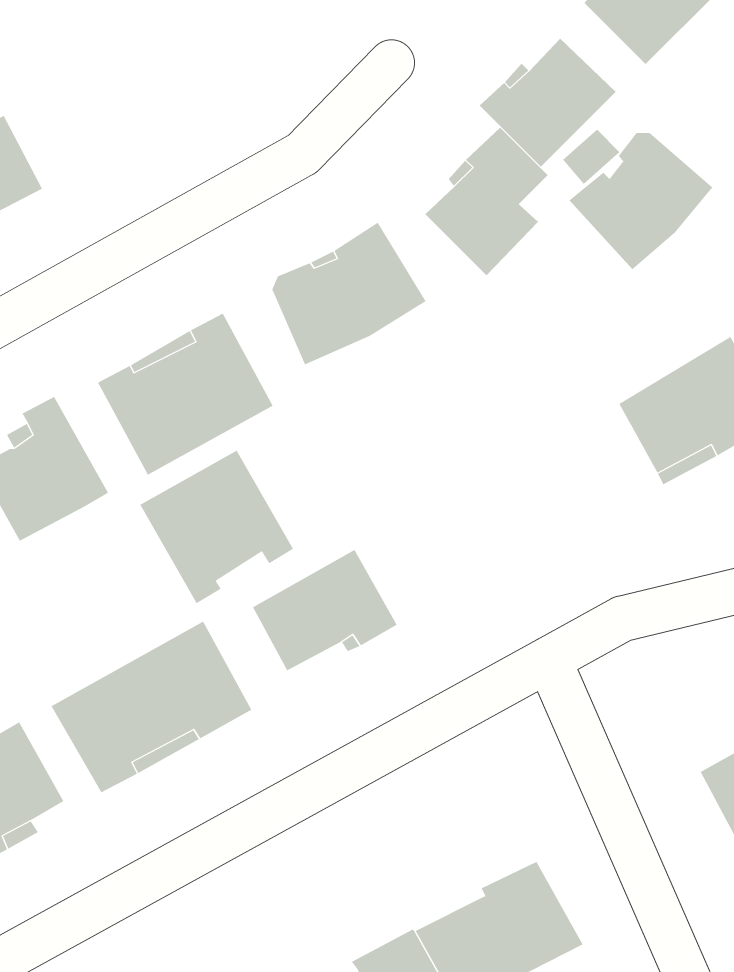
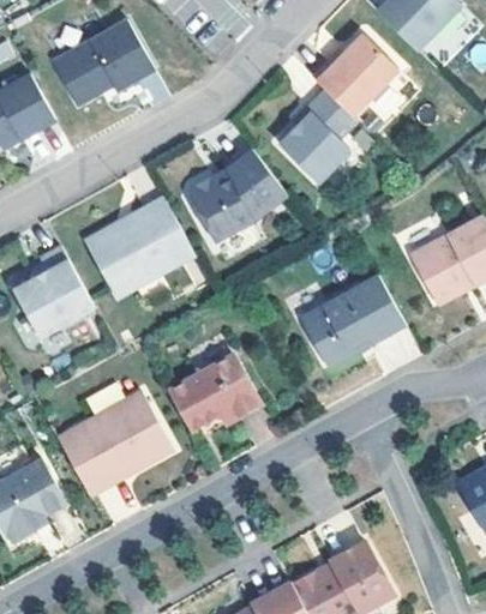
building: none -> [48,25,151,112]
building: [569,132,713,270] -> none
building: none -> [298,275,401,368]
building: [140,450,294,604] -> none

